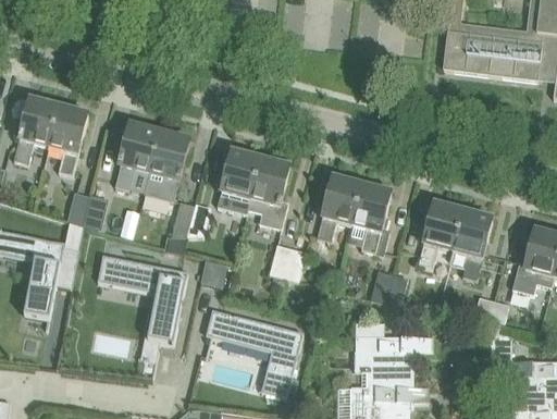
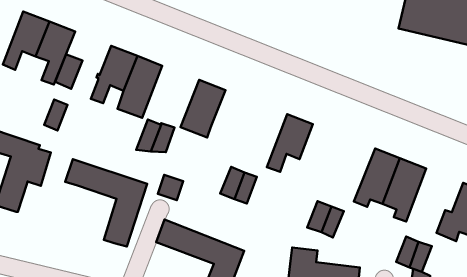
building: [248,159,289,229] -> none
building: [351,185,391,255] -> none
building: [82,194,109,231] -> [55,55,83,89]

